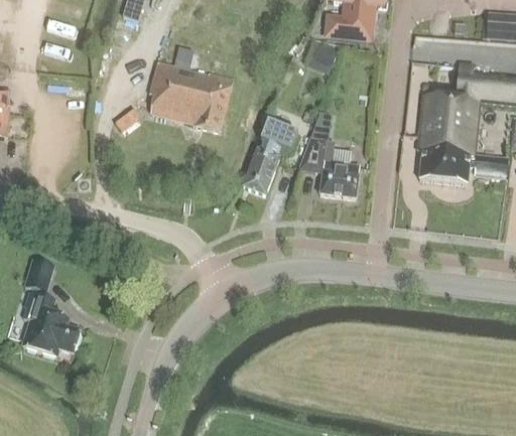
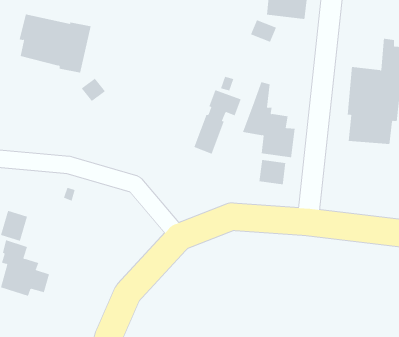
building: [149,62,232,130] -> [19,14,92,73]
building: none -> [259,159,286,185]

